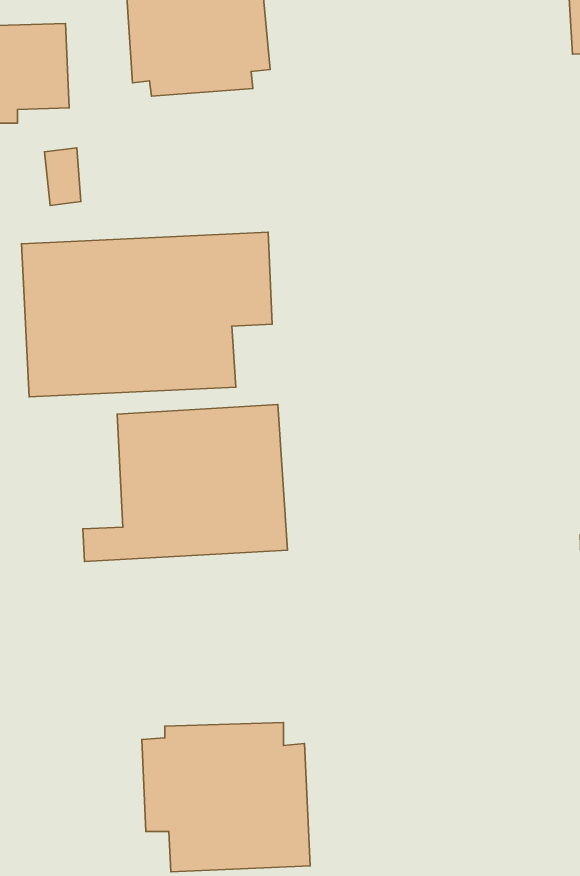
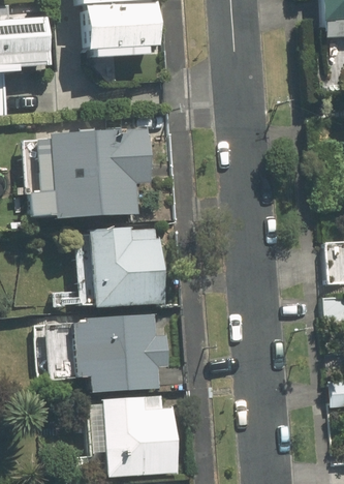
building: none -> [34,313,173,391]

